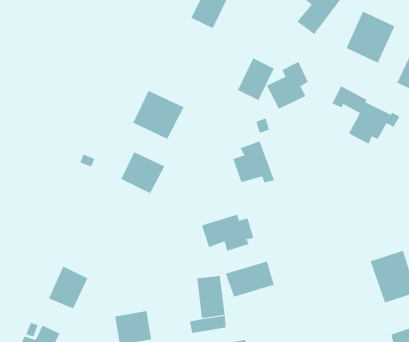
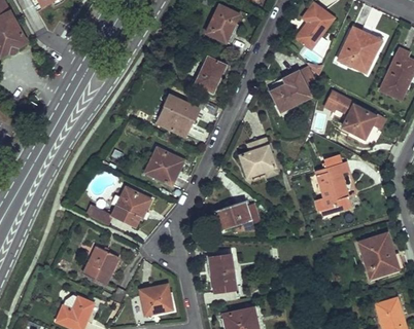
building: [237,58,274,101] -> [195,56,227,93]
building: none -> [316,161,352,215]
building: none -> [89,186,149,224]
building: [225,261,274,297] -> none

